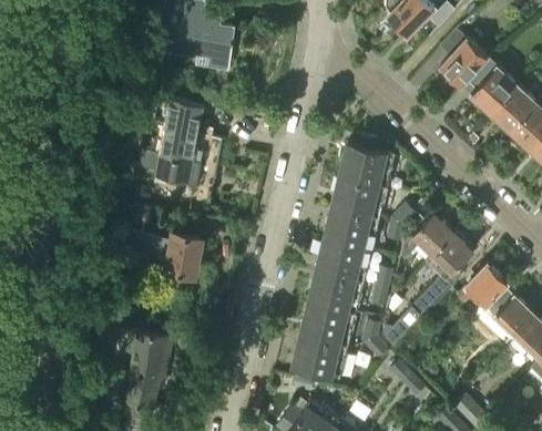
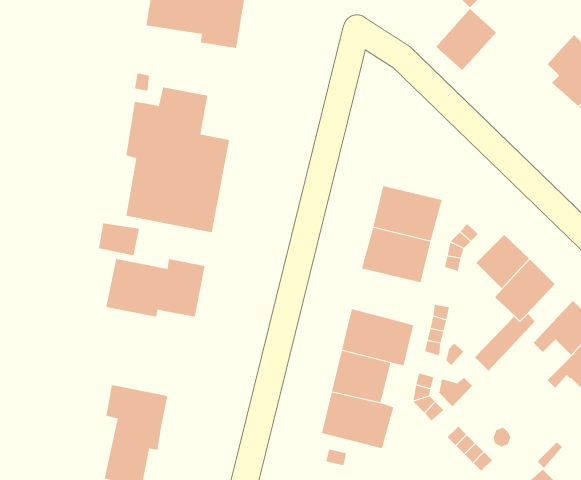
building: [440,39,488,88] -> [436,8,497,71]
building: [339,133,393,186] -> none
building: [315,239,369,283] -> none

